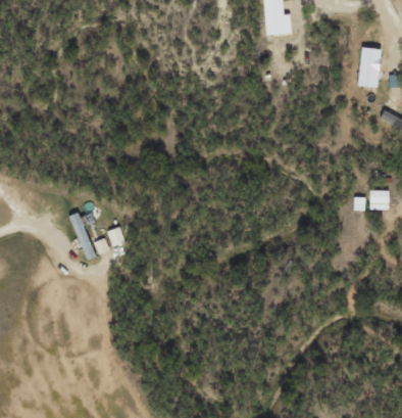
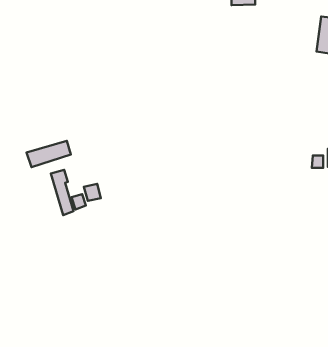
building: none -> [26,141,71,167]

